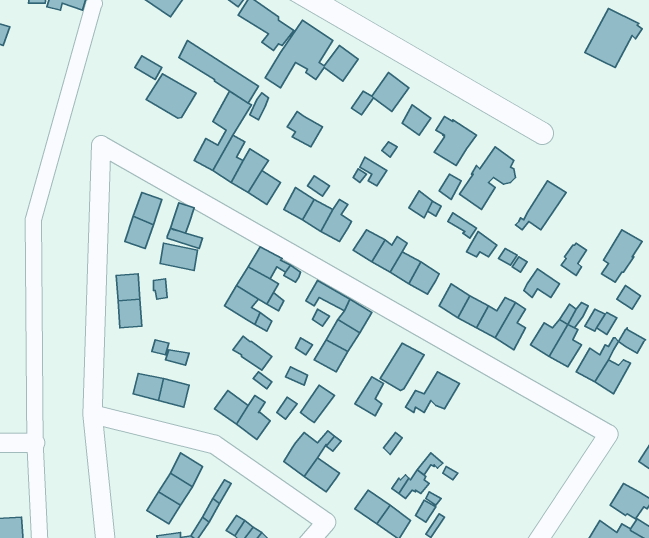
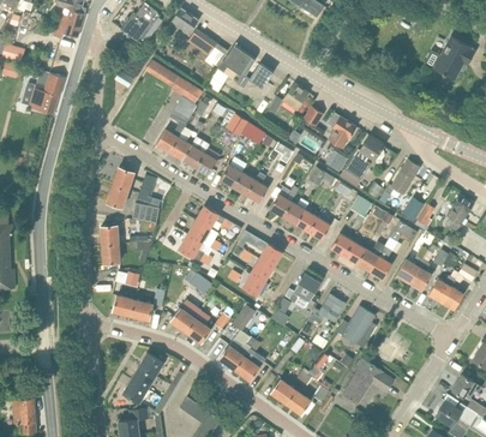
building: none -> [29,73,65,115]
building: [146,74,196,118] -> none
building: none -> [341,307,376,349]
building: none -> [342,359,392,405]

